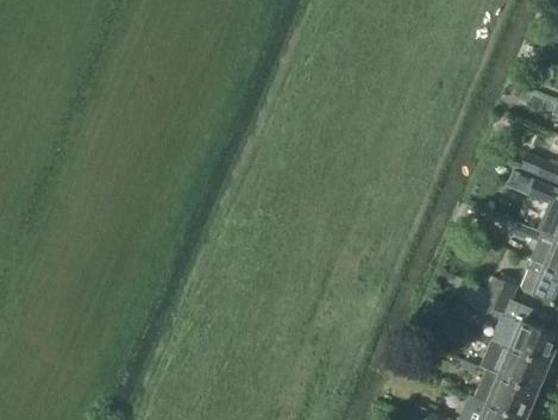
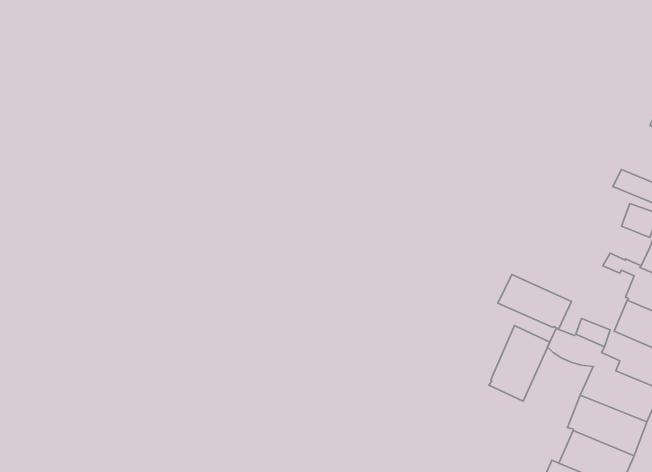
building: none -> [498,275,571,329]
building: none -> [489,325,550,401]

